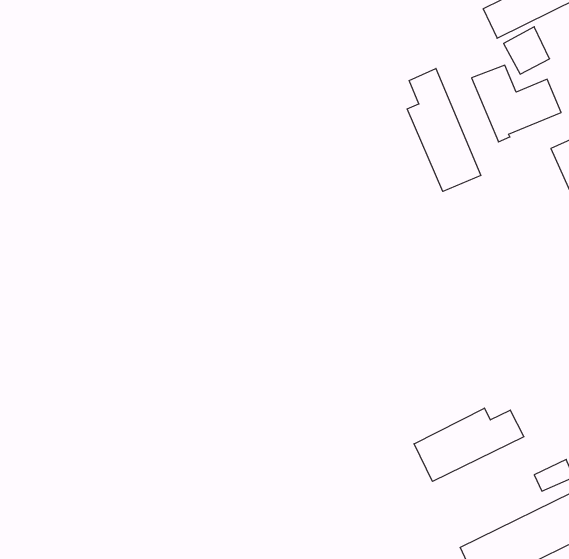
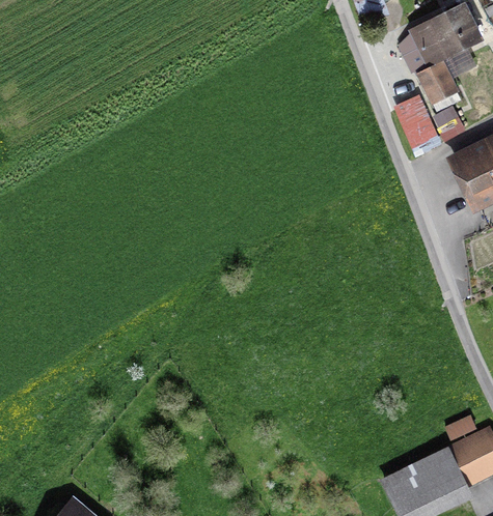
building: [407,68,481,191] -> none
building: [414,408,524,481] -> none

